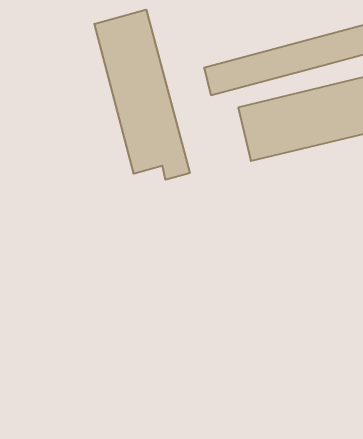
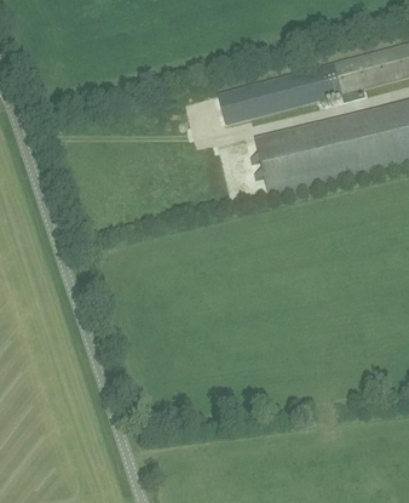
building: [94,10,190,180] -> none

